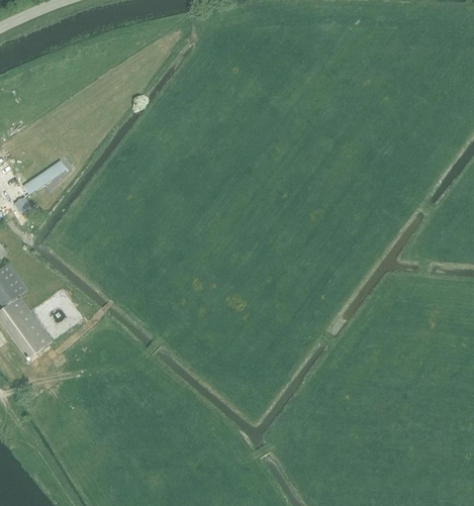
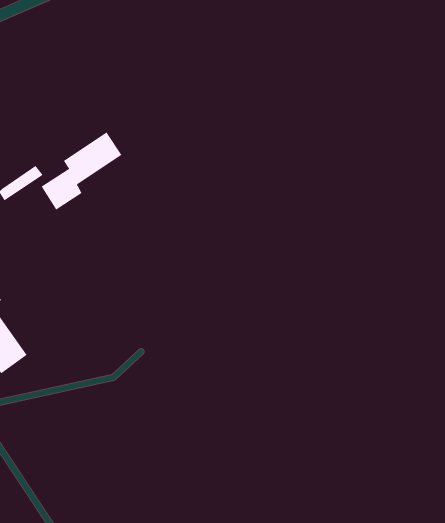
building: none -> [41,131,122,211]

